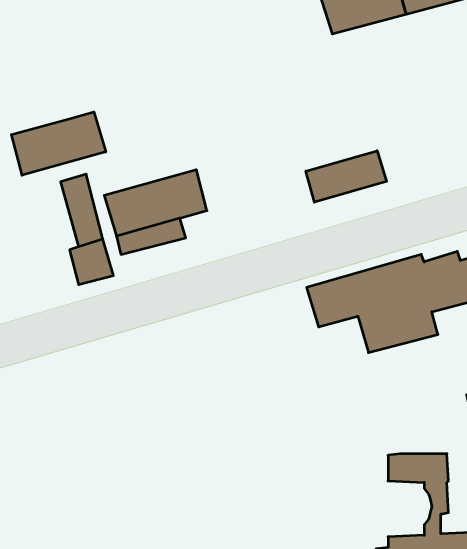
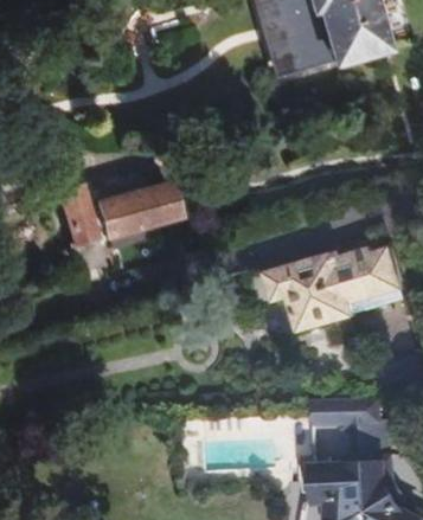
building: [11,112,106,175] -> none
building: [306,151,387,202] -> none

